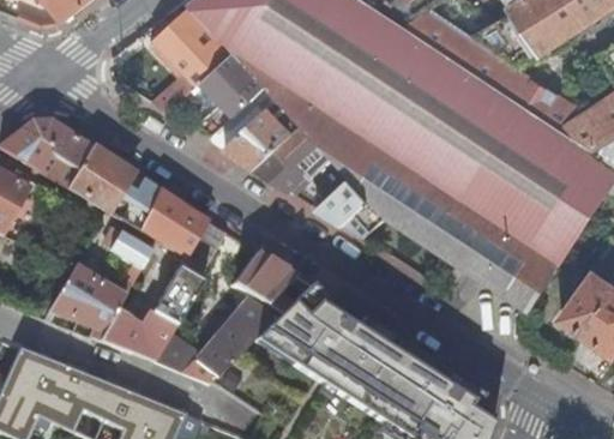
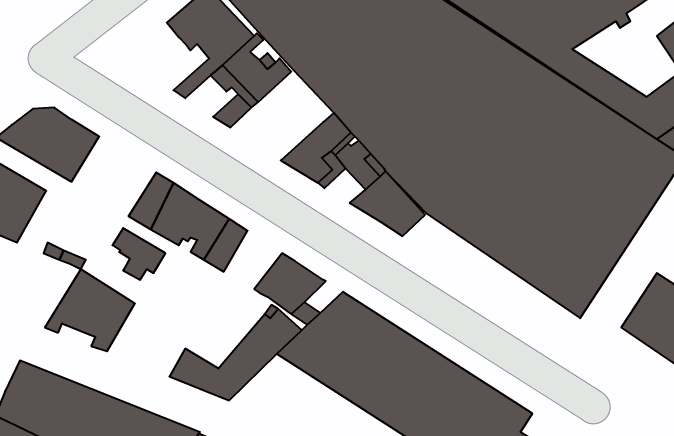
building: [227,108,294,167] -> none
building: [66,145,132,211] -> none
building: [98,266,201,362] -> none

